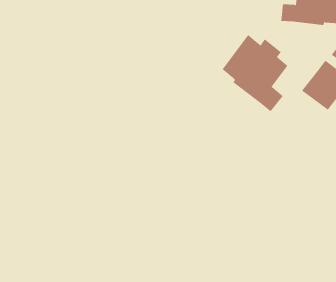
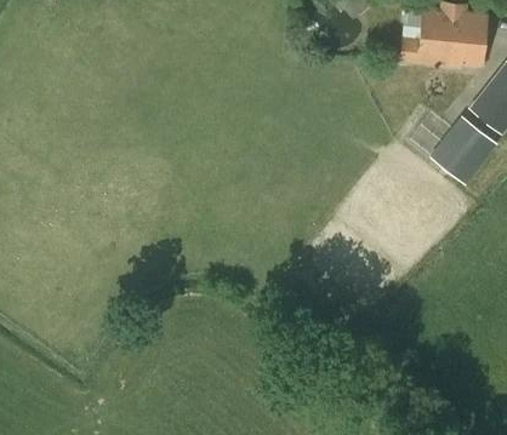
building: [222,34,288,112] -> none

